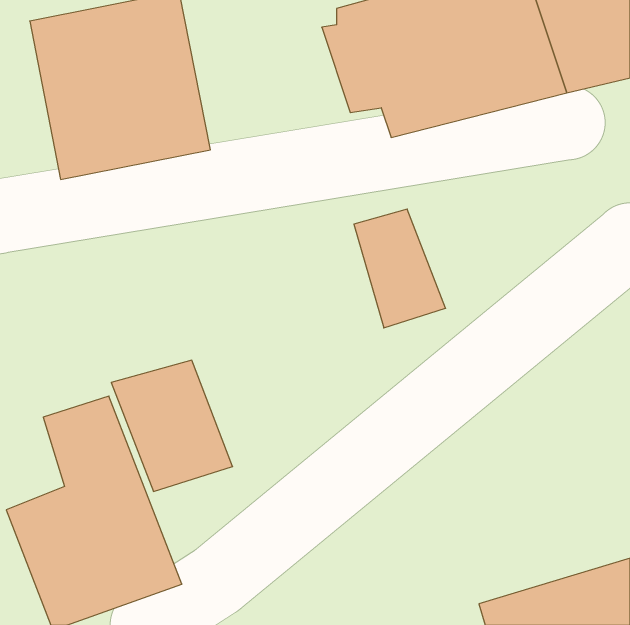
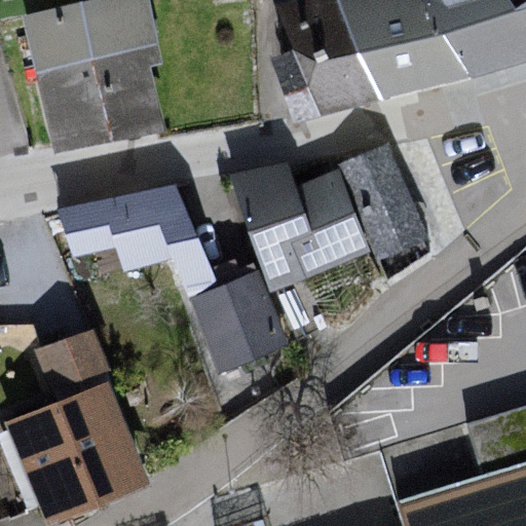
building: none -> [338,147,426,280]
building: none -> [232,170,318,286]
building: none -> [61,189,165,263]
building: [111,360,233,491] -> [186,261,287,370]

